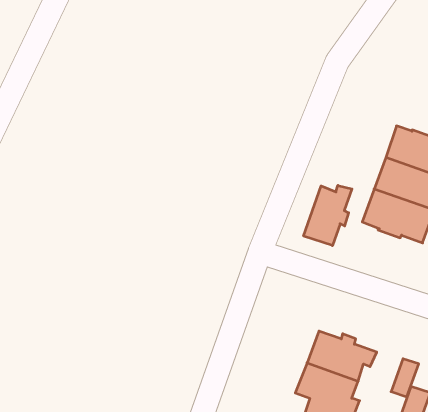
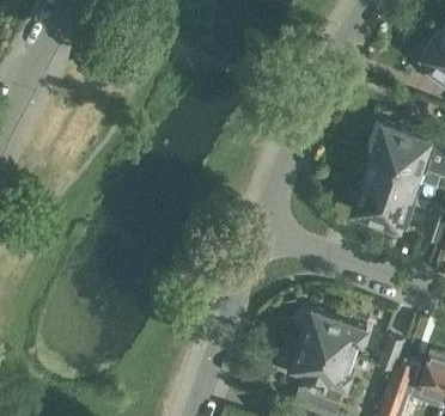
building: [304,185,352,246] -> none

